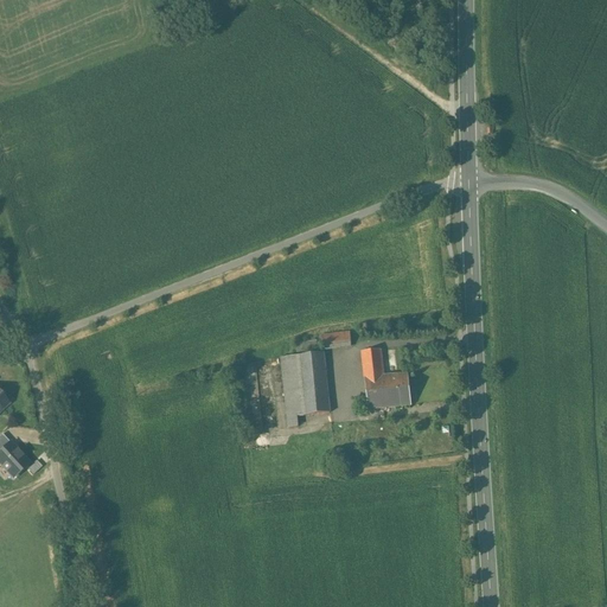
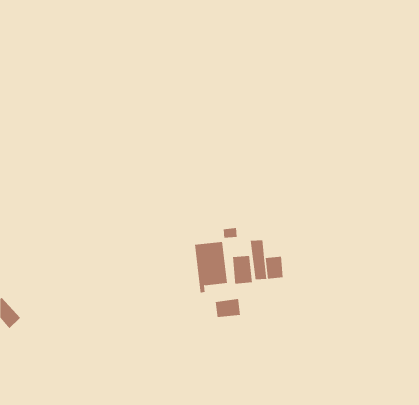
building: none -> [233,255,252,284]
building: none -> [215,298,241,318]

